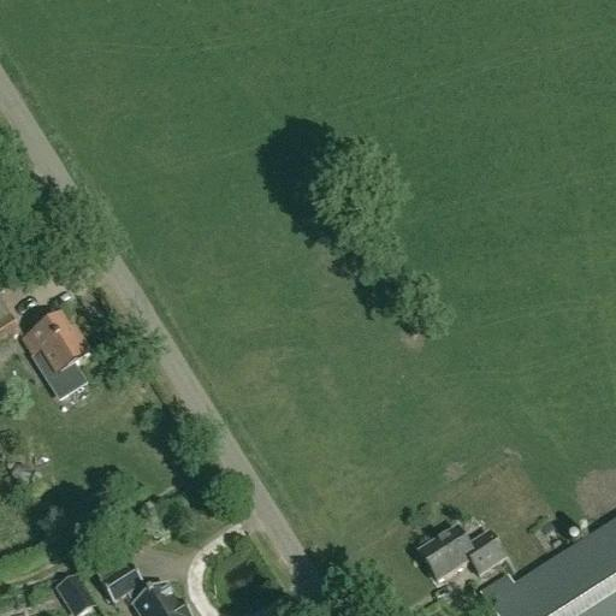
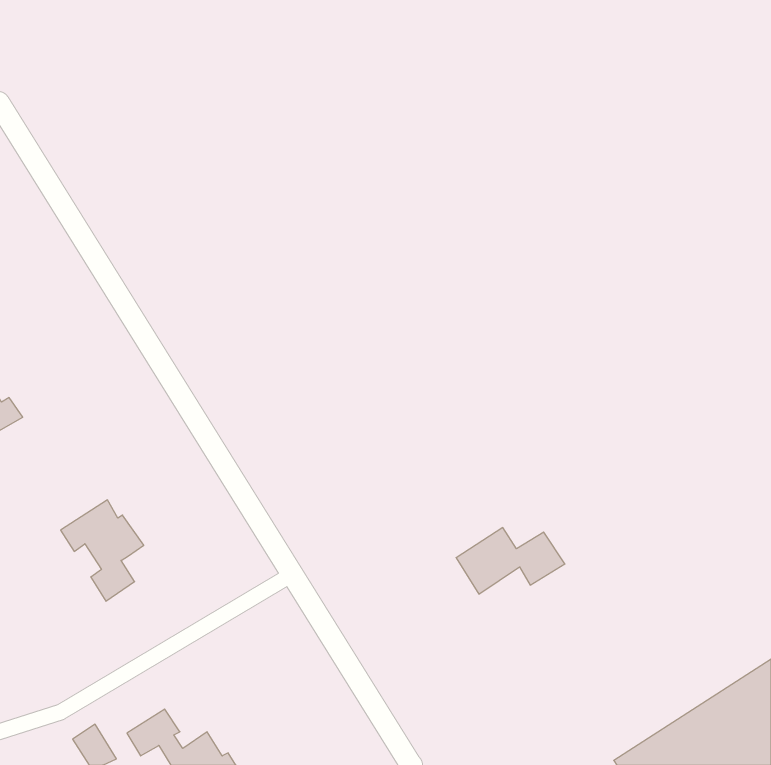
building: [23,316,89,397] -> [61,500,144,601]
building: [417,528,504,581] -> [456,528,565,594]

